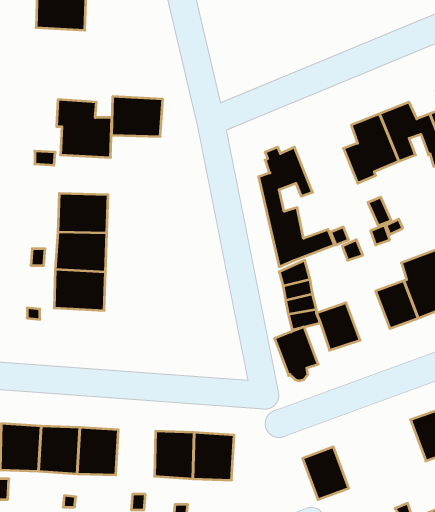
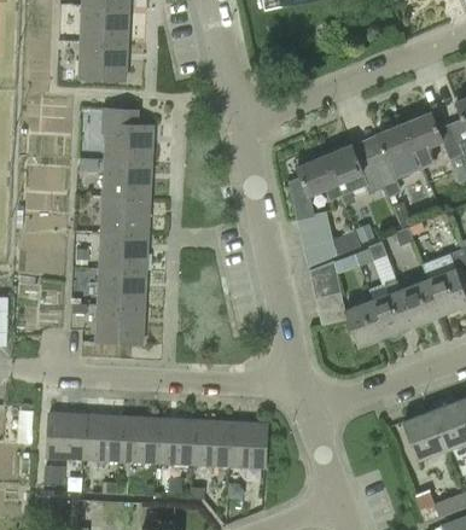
building: none -> [78,42,127,81]
building: [111,97,163,136] -> [103,162,151,199]
building: none -> [324,144,383,205]
building: none -> [97,305,145,344]
building: [275,327,318,381] -> [372,290,413,340]
building: none -> [156,420,193,464]
building: [303,447,349,500] -> [403,410,447,460]

